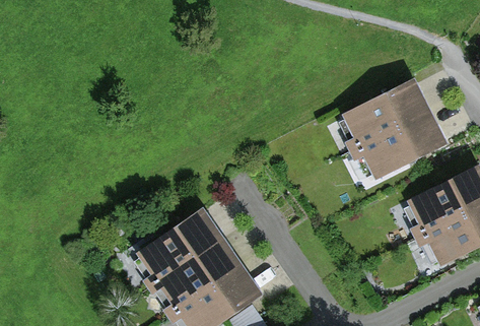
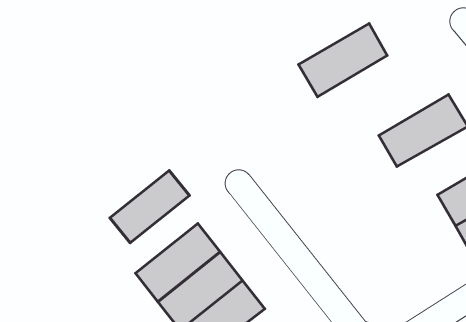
building: [349,84,428,146] -> [298,24,387,97]
building: none -> [110,171,189,243]

